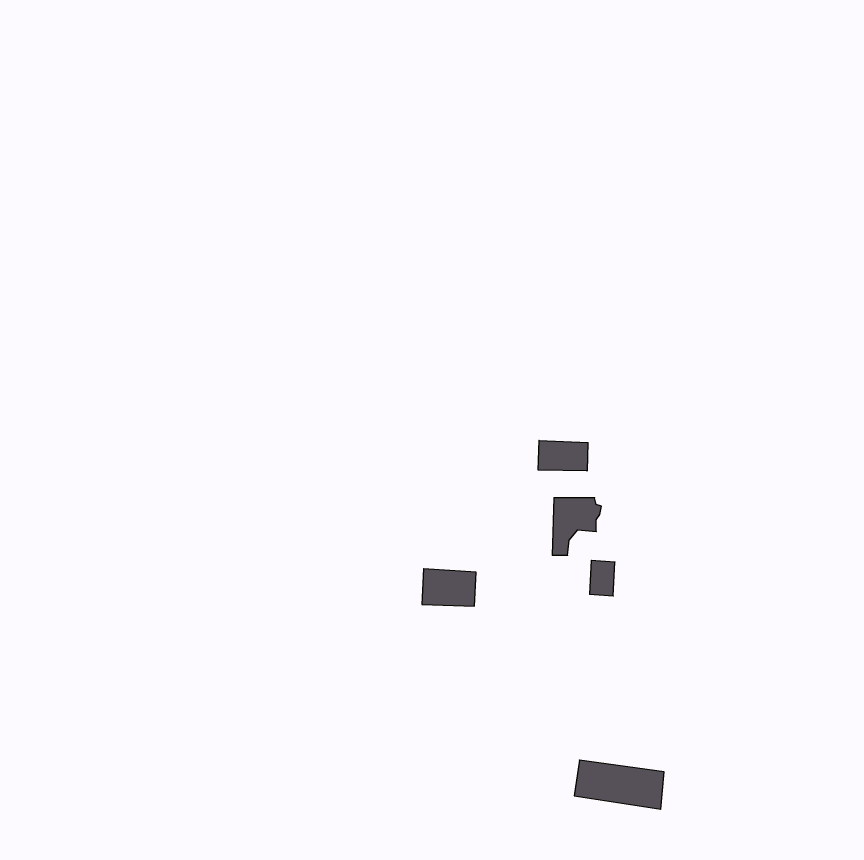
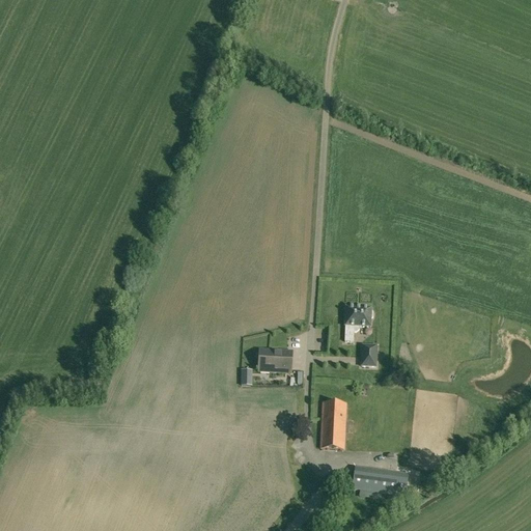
building: [538,440,588,471] -> none
building: none -> [322,402,346,448]

